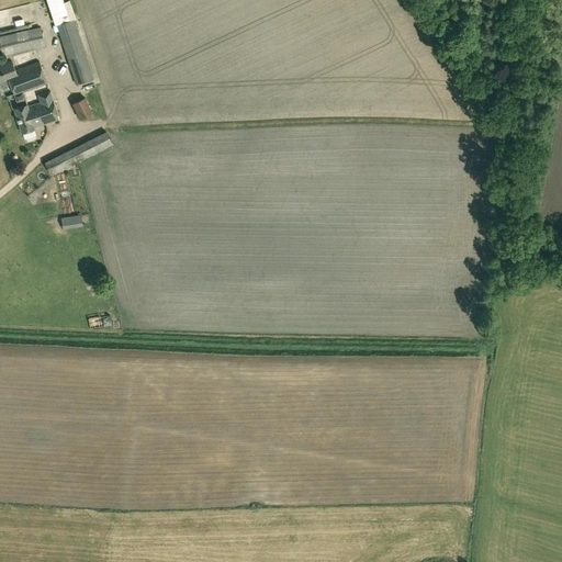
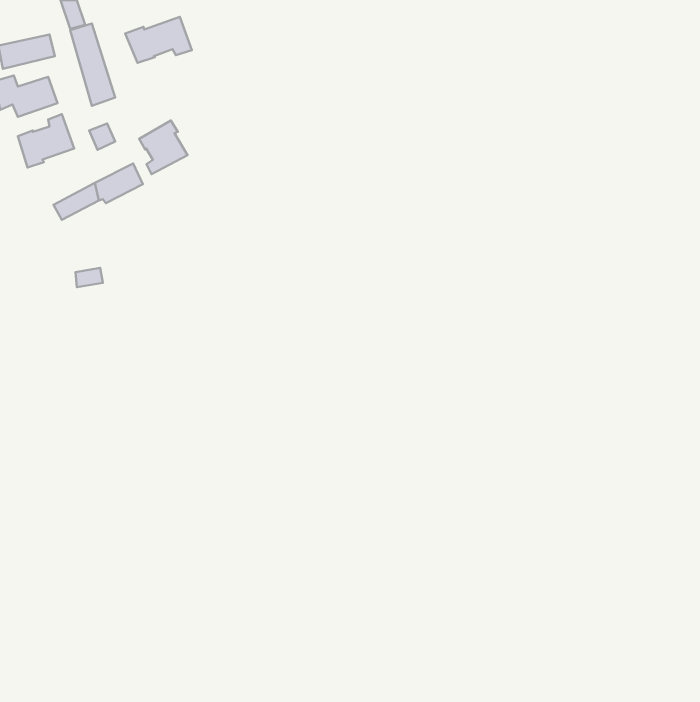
building: none -> [125,17,192,63]
building: none -> [139,121,187,174]

